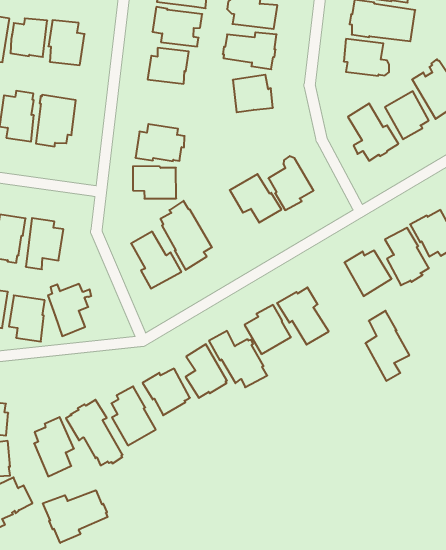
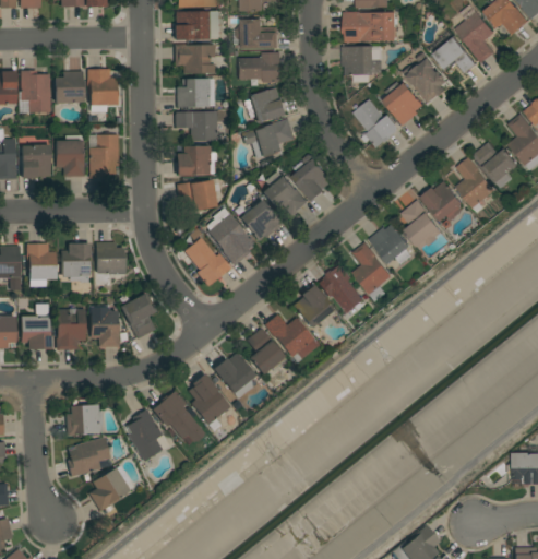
building: none -> [175,111,217,142]
building: none -> [242,119,296,158]
building: none -> [240,200,283,241]
building: [365,311,409,381] -> [354,242,393,302]
building: [43,490,108,543] -> none

